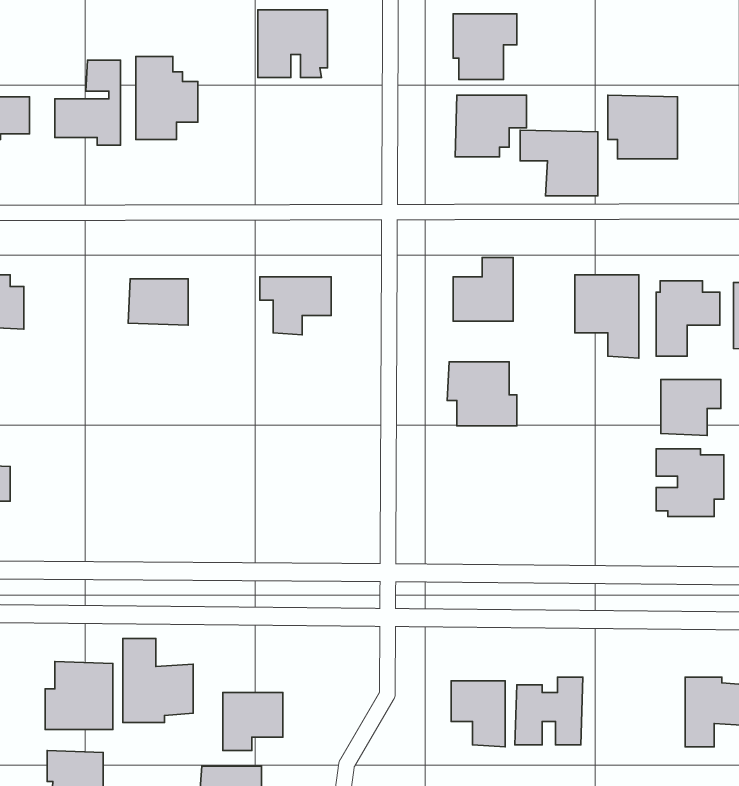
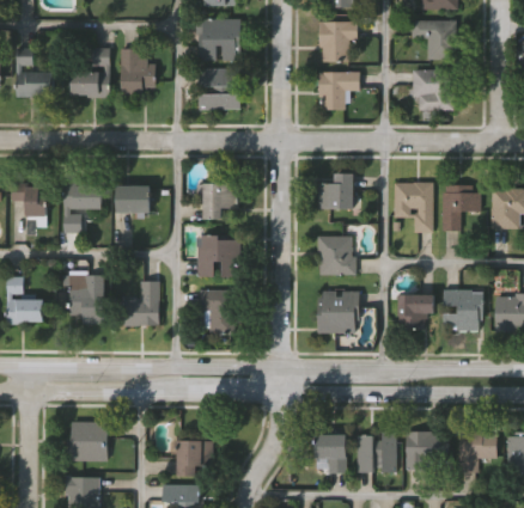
building: none -> [197,67,240,109]
building: [520,130,598,196] -> [410,19,458,60]
building: none -> [62,180,103,232]
building: none -> [195,235,240,277]
building: [661,379,721,435] -> [397,294,434,329]
building: none -> [68,274,102,324]
building: none -> [122,281,159,326]
building: none -> [197,289,238,333]
building: none -> [316,292,360,335]
building: [123,638,193,722] -> none
building: none -> [406,432,449,470]

